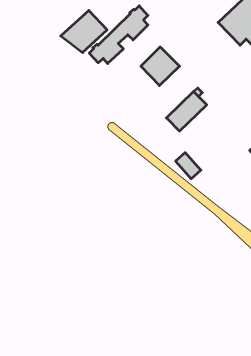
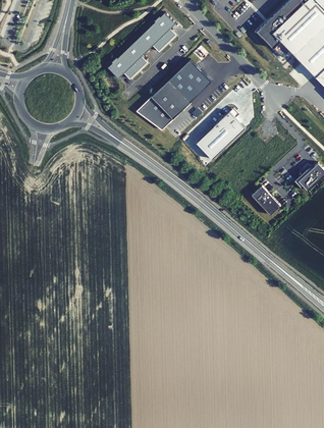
building: [61,10,107,53] -> [133,83,187,131]
building: [176,153,201,179] -> [250,185,279,216]

